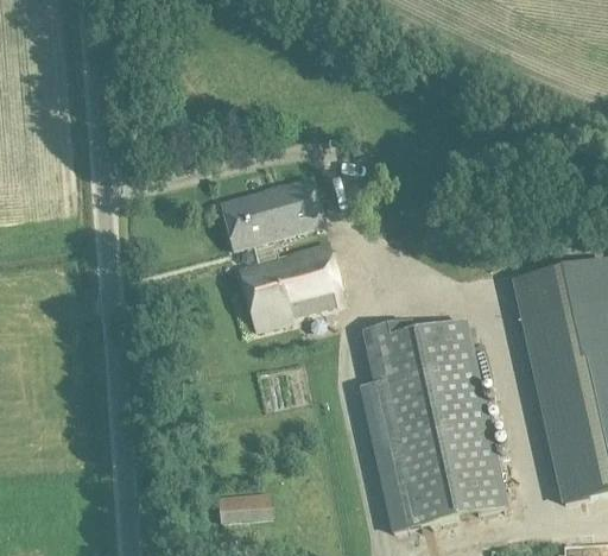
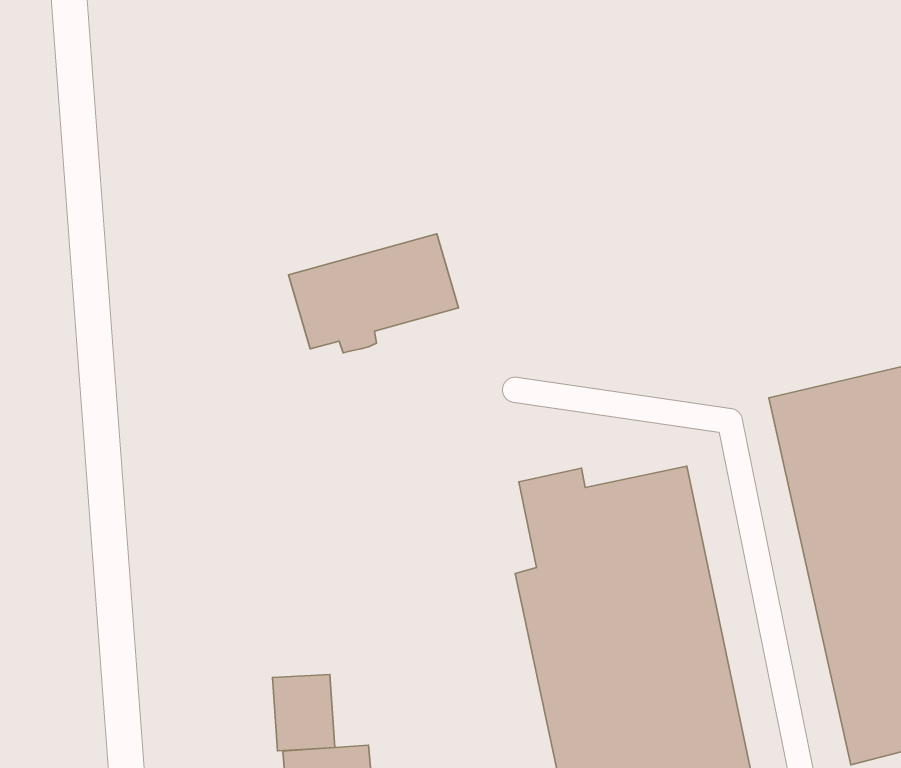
building: [242,244,347,329] -> none
building: none -> [273,674,335,751]

